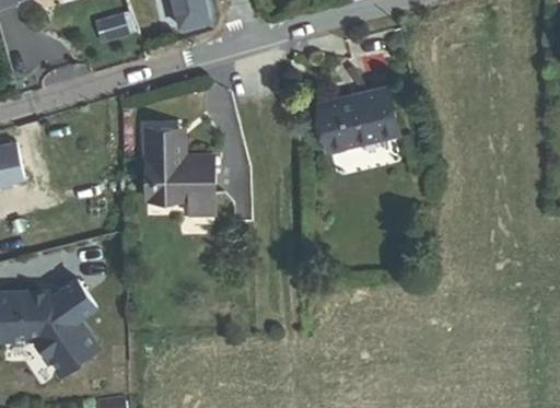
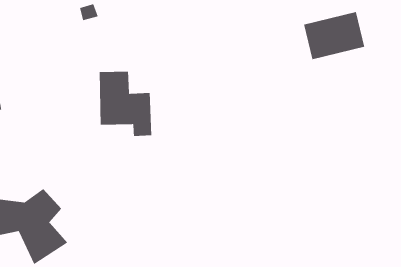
building: [319,88,398,150] -> [303,11,365,60]

